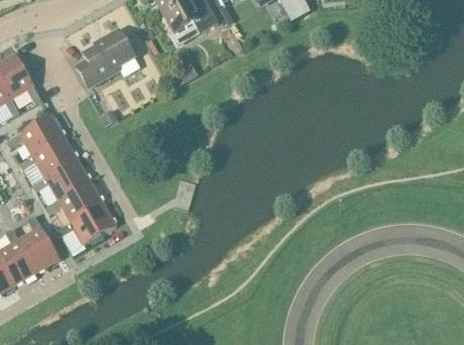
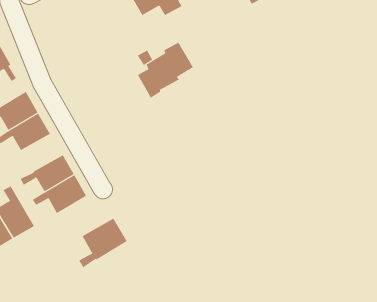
building: [75,29,135,90] -> [137,42,194,98]
building: [31,159,91,200] -> none
building: none -> [79,218,128,268]

